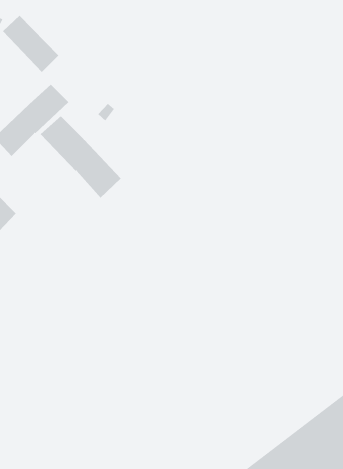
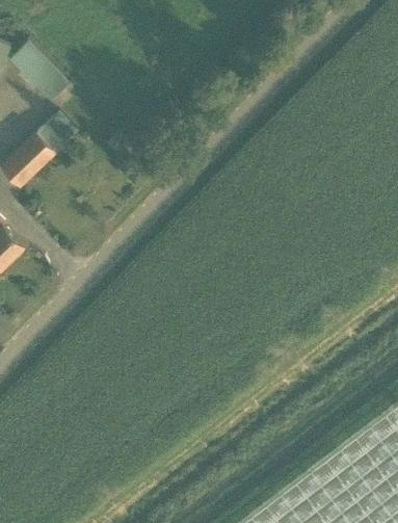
building: [40,115,122,198] -> none

